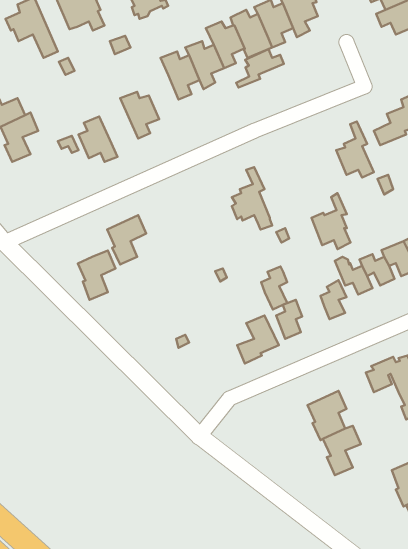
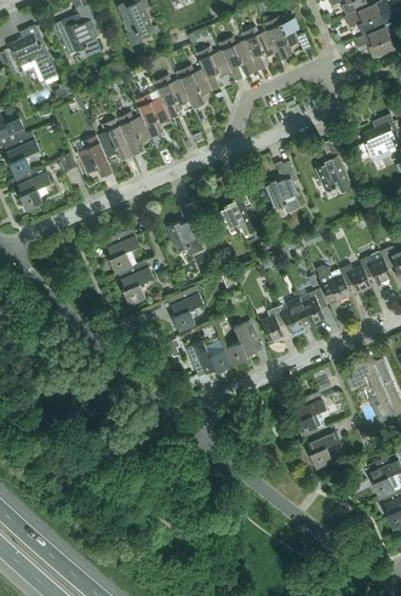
building: [236,49,284,88] -> none
building: none -> [134,93,170,138]
building: none -> [96,119,132,161]
building: none -> [15,166,50,212]
building: none -> [167,204,204,254]
building: [312,193,351,249] -> [264,161,300,213]
building: [78,250,116,300] -> [118,260,153,306]
building: [261,267,287,309] -> [281,298,305,338]
building: none -> [167,286,202,332]
building: none -> [185,342,231,377]

